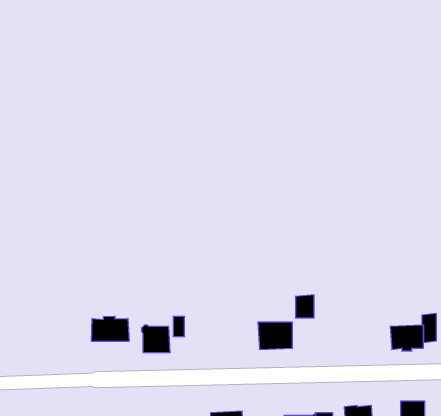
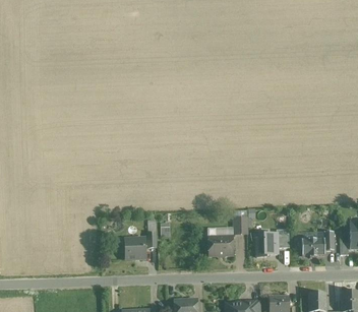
building: none -> [257,227,288,256]
building: [92,316,129,341] -> none

